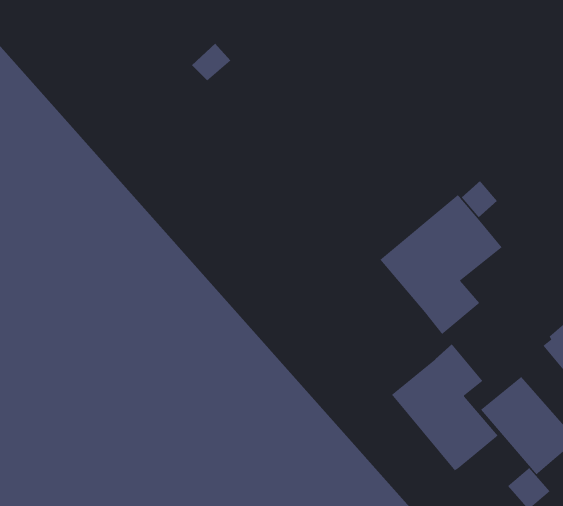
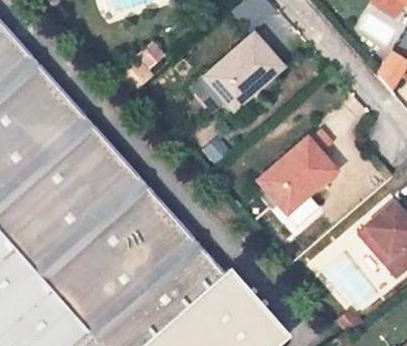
building: none -> [203,35,280,109]
building: [391,344,499,471] -> none

